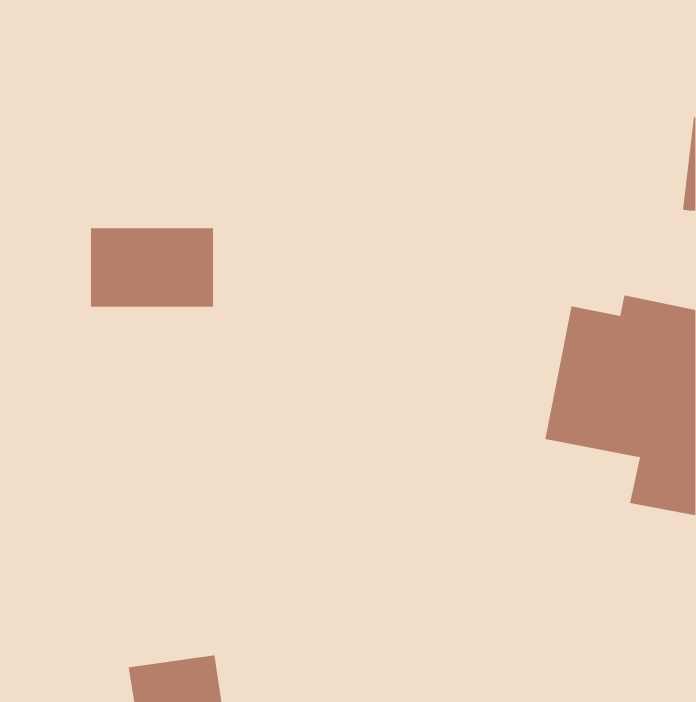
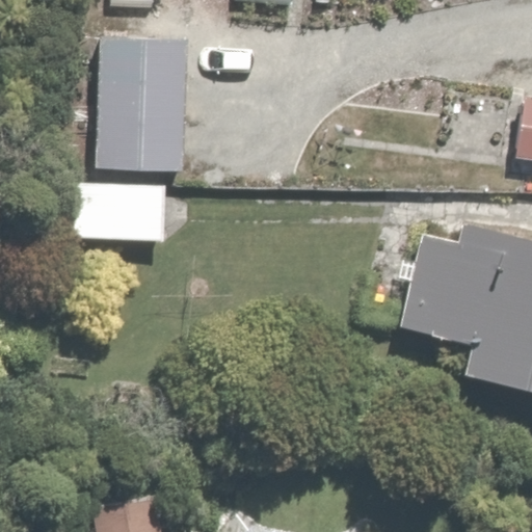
building: none -> [99,41,187,165]

